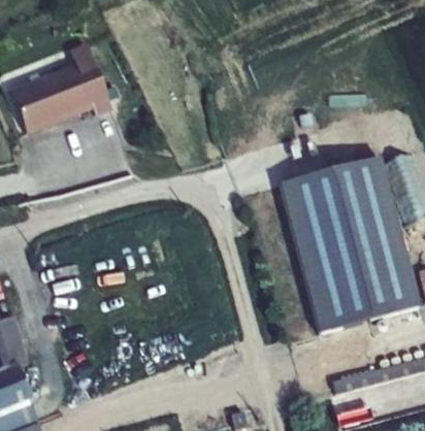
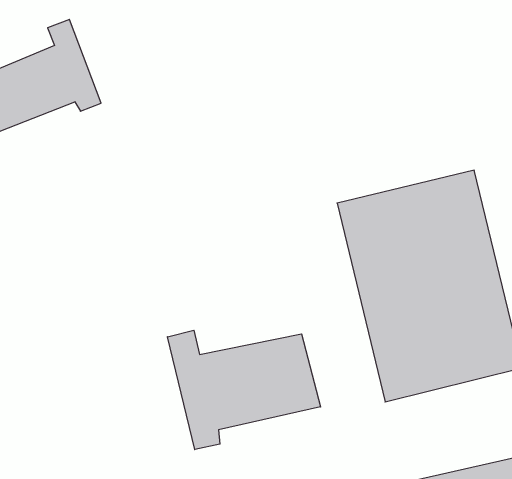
building: none -> [167,330,321,450]

